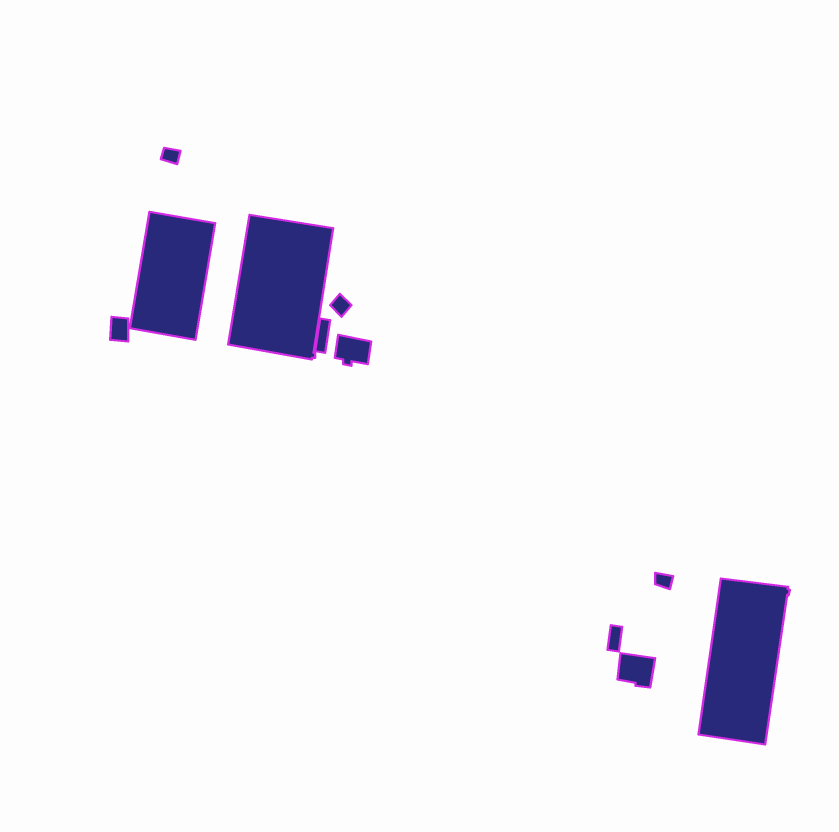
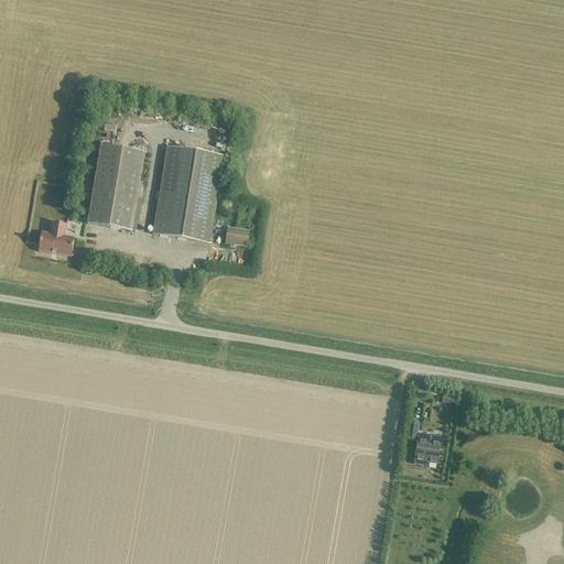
building: none -> [39,219,74,253]
building: [699,579,790,745] -> none

